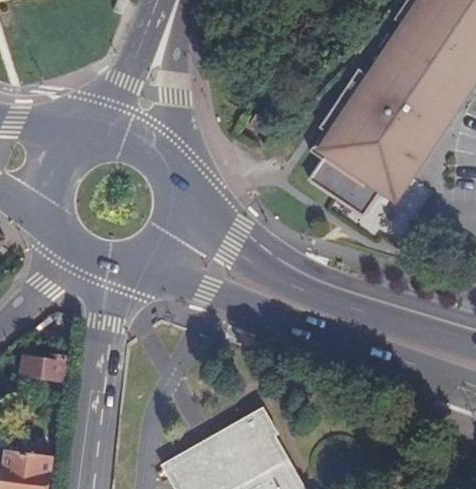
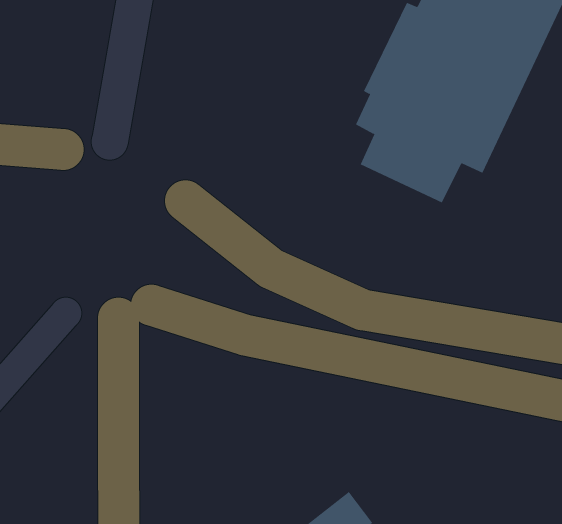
building: [28,357,71,385] -> none

